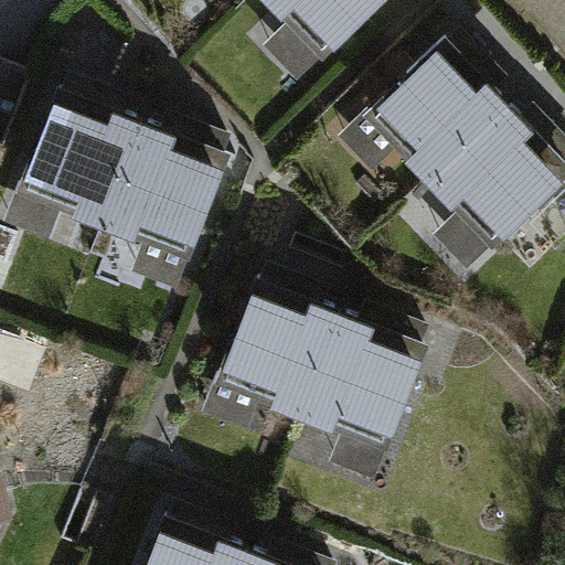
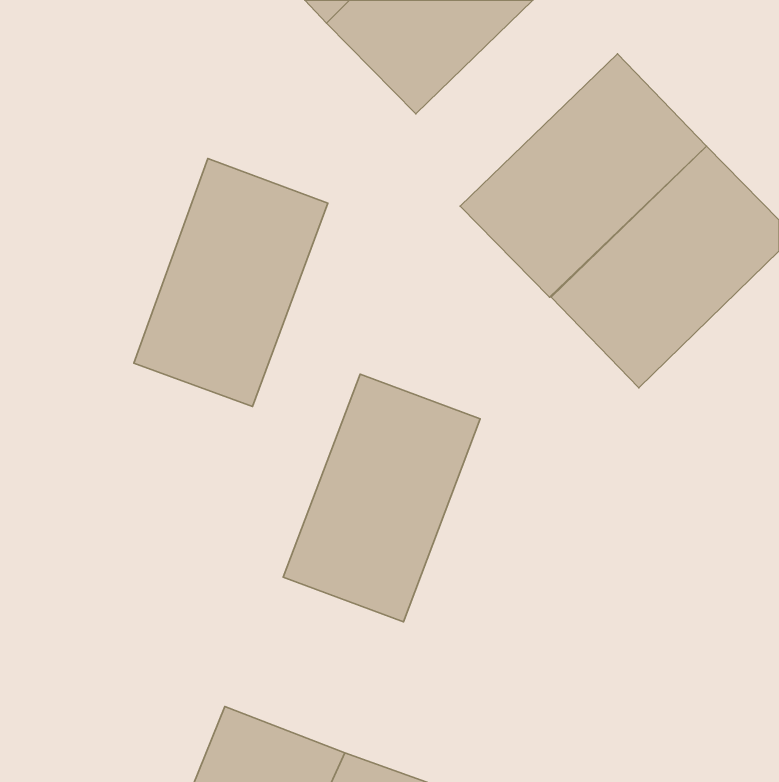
building: [9,86,149,264] -> none
building: [289,303,430,482] -> none

